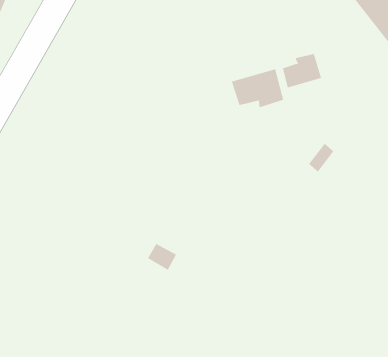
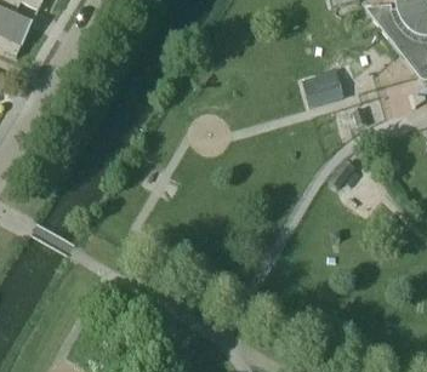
building: [231,69,284,108] -> none

